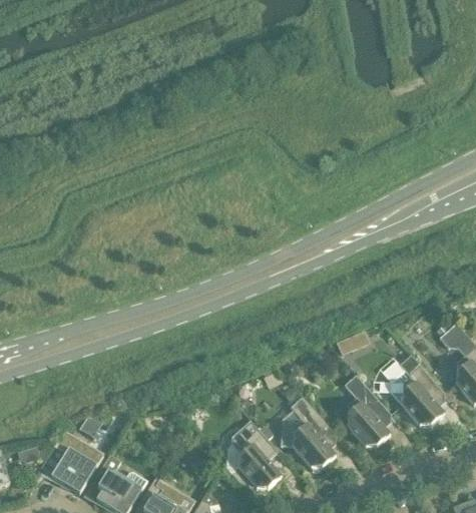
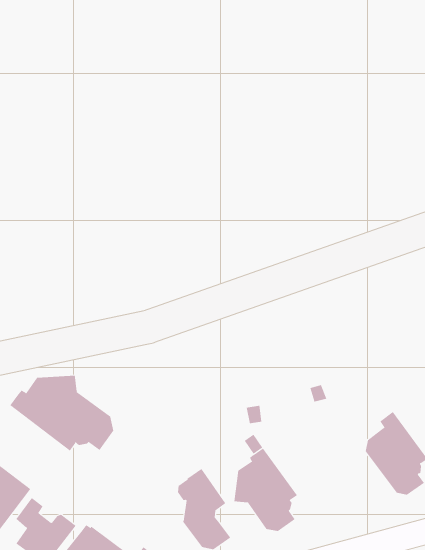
building: none -> [9,375,114,452]
building: [345,378,390,449] -> none

